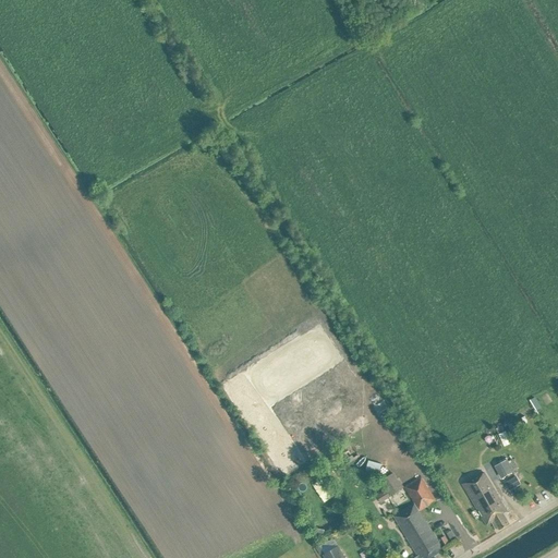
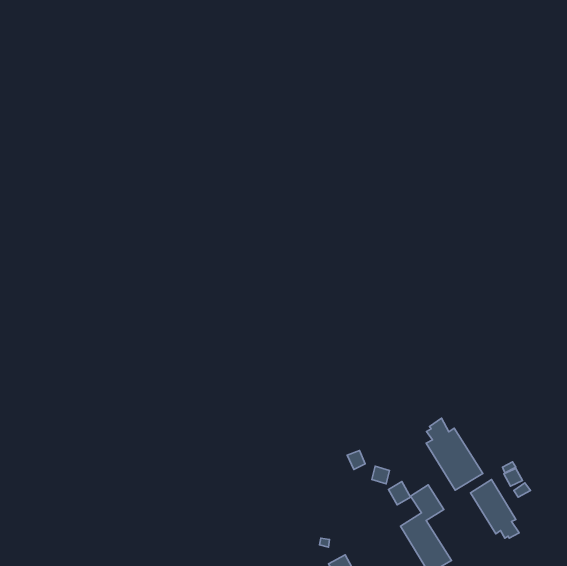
building: none -> [426,418,483,490]

